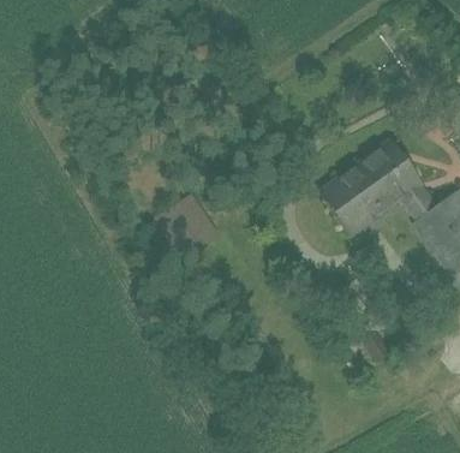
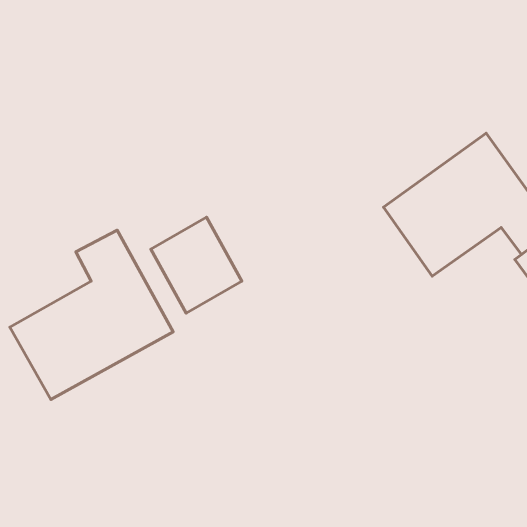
building: none -> [10,230,173,400]

